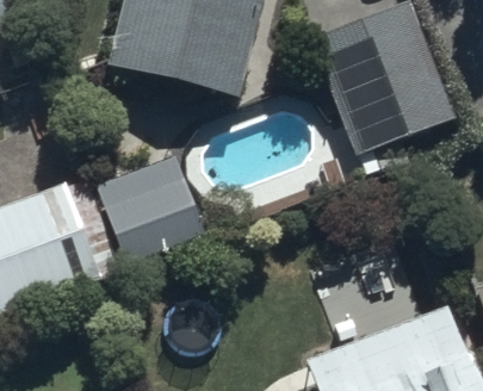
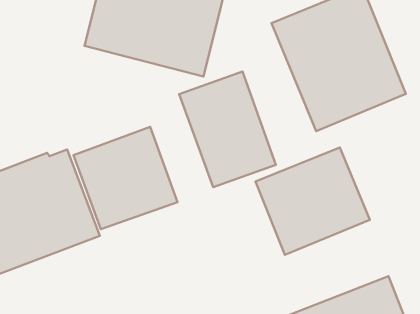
building: none -> [179,71,276,187]
building: none -> [256,147,370,255]

